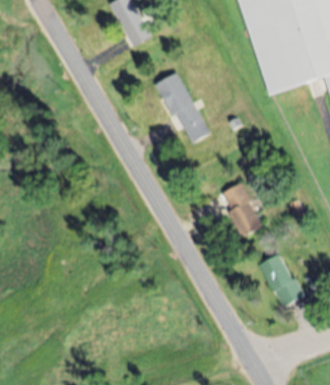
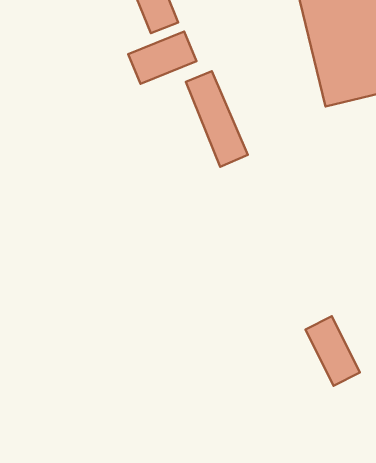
building: none -> [128,32,196,84]
building: [220,183,263,238] -> none

